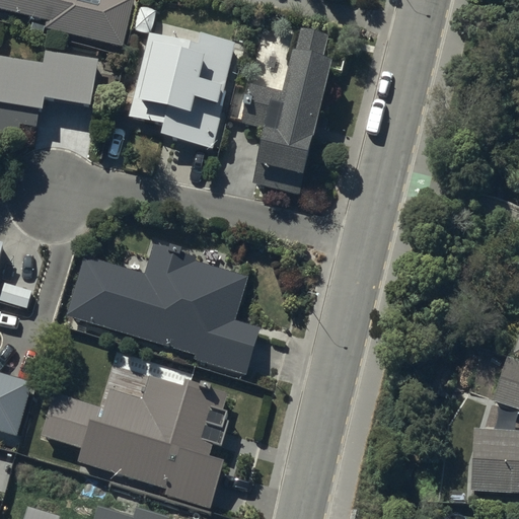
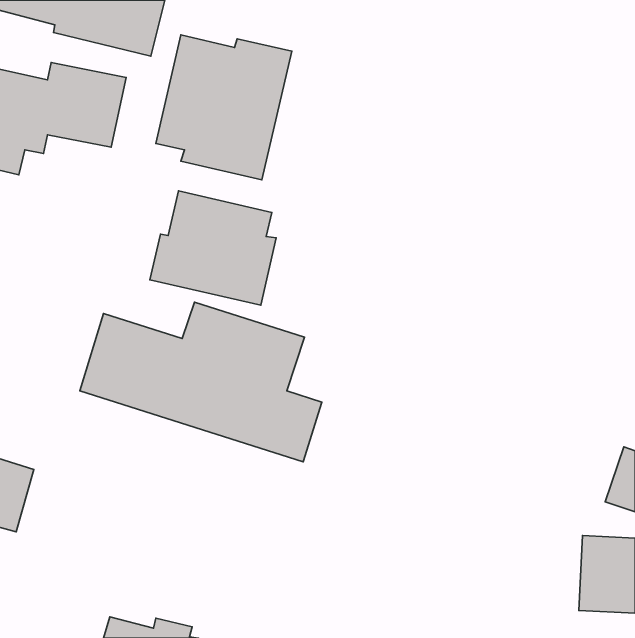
building: [239,28,335,197] -> none
building: none -> [150,191,276,305]
building: [43,364,224,490] -> none

